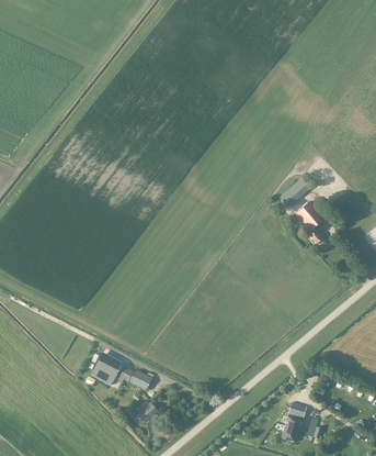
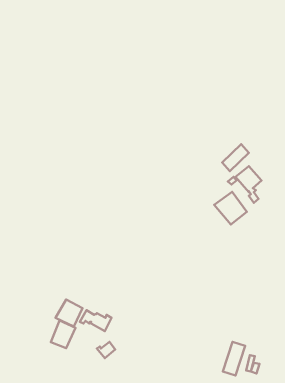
building: none -> [214,192,247,225]
building: none -> [51,320,76,348]

